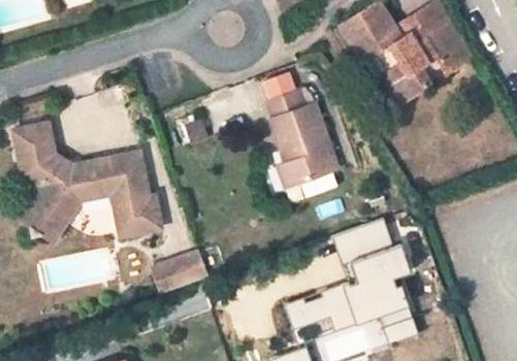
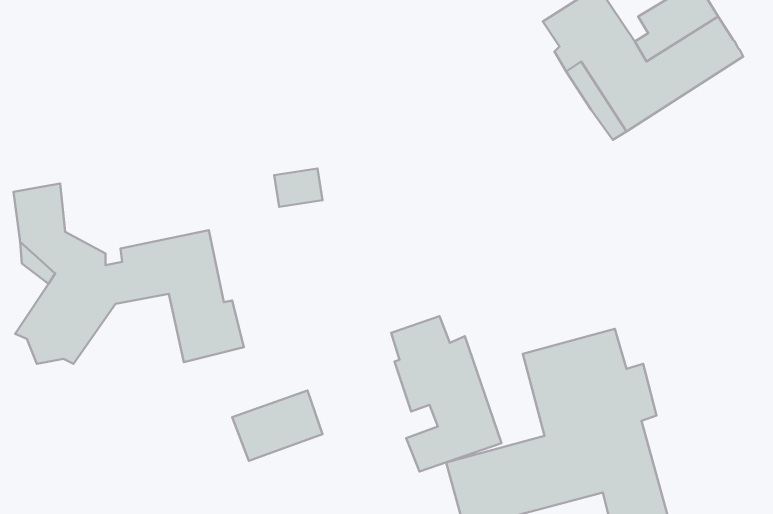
building: [268,90,336,186] -> [391,316,501,472]

